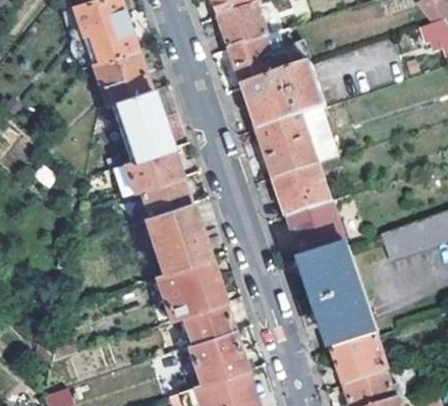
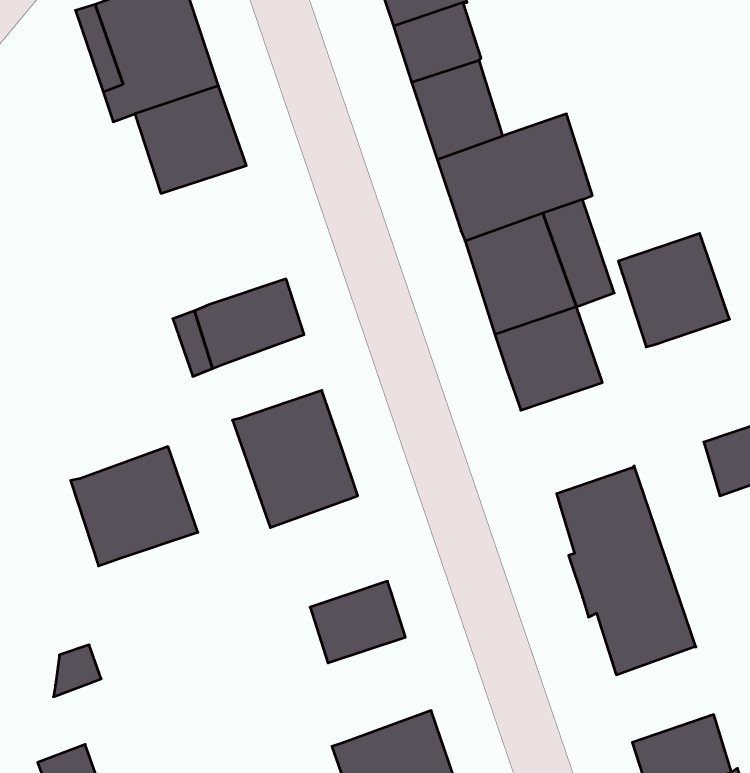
building: [111,91,169,162] -> none
building: [136,177,187,220] -> none
building: [289,201,346,259] -> [618,233,730,347]
building: [156,259,221,321] -> [71,447,198,566]
building: [185,332,243,386] -> none
building: [334,337,390,386] -> none

